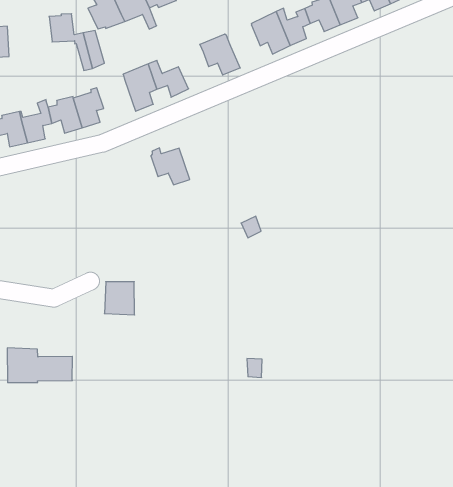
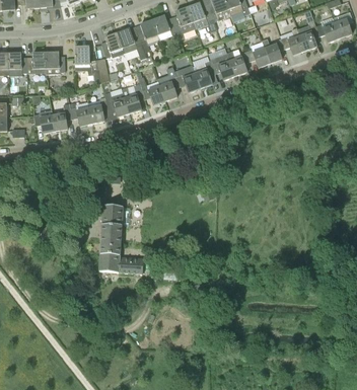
building: none -> [192,60,214,88]
building: none -> [45,52,64,74]
building: none -> [156,66,178,100]
building: [151,148,190,185] -> [102,91,128,116]
building: none -> [101,205,123,228]
building: [7,348,72,383] -> [98,248,143,272]

